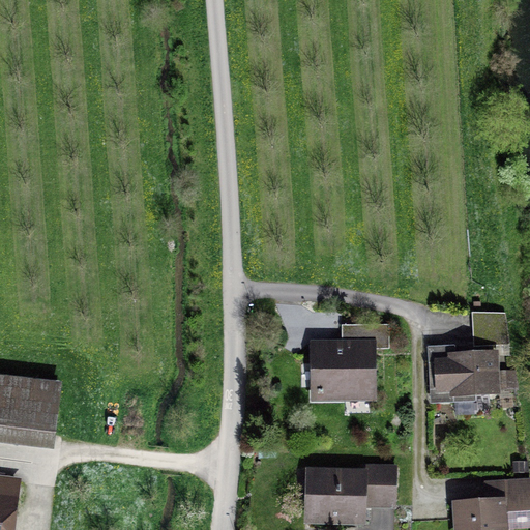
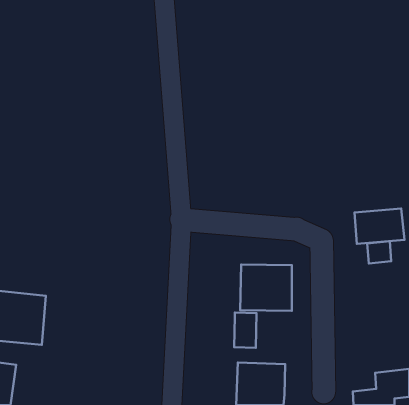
building: [438,351,502,396] -> [355,208,404,244]
building: [366,464,395,509] -> [234,313,257,348]

